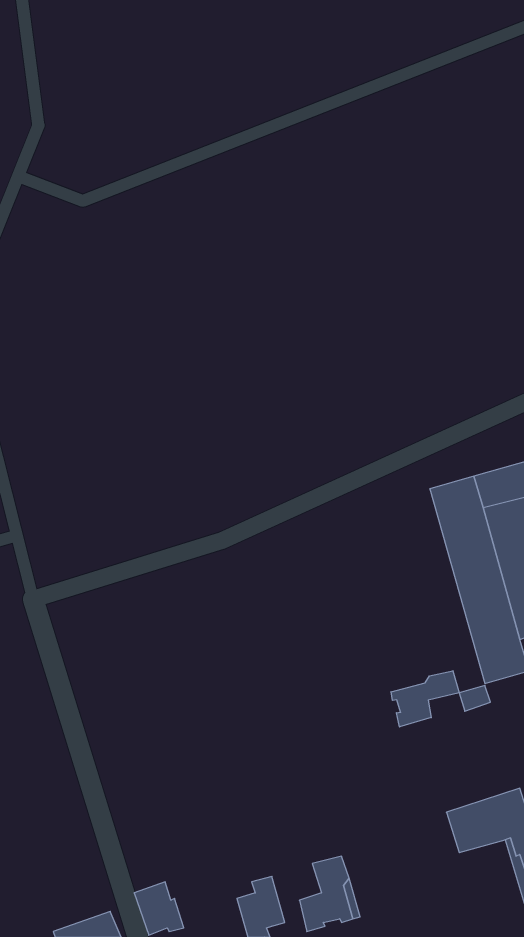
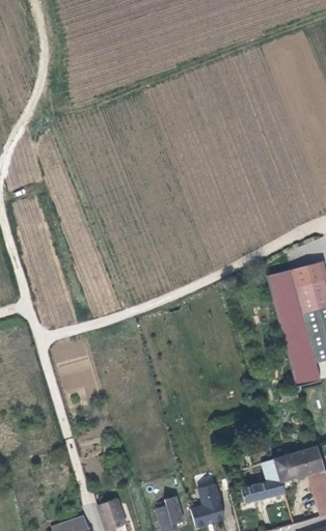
building: [391,671,459,727] -> none
building: none -> [242,459,284,503]

